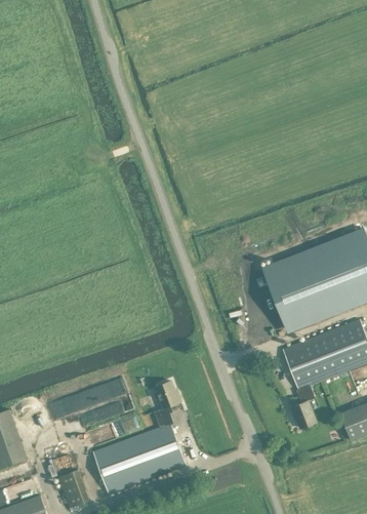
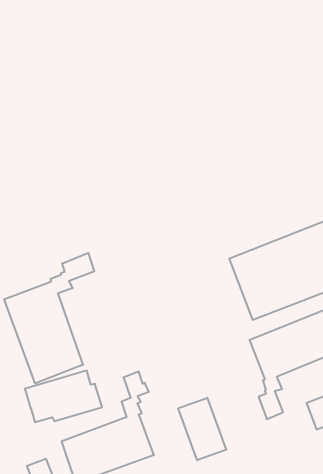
building: none -> [4,253,94,383]
building: none -> [178,398,226,460]

